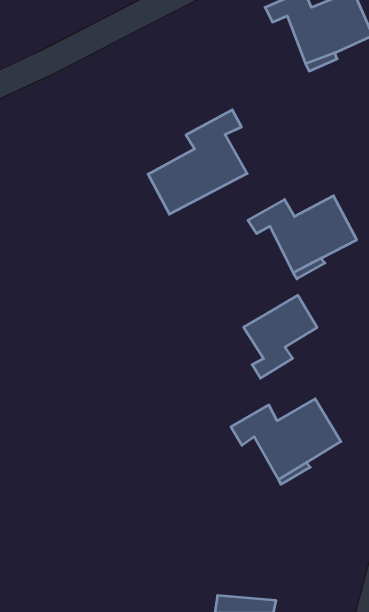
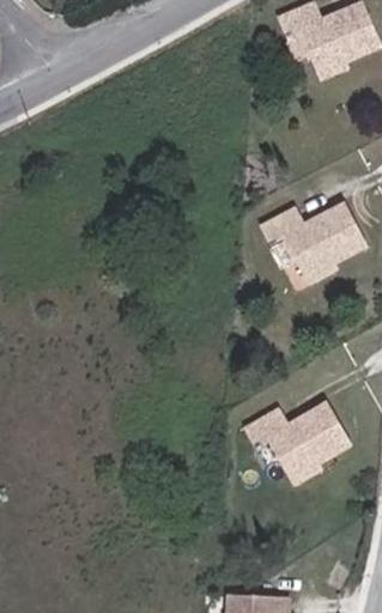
building: [148,110,247,214] -> none
building: [244,295,317,378] -> none

